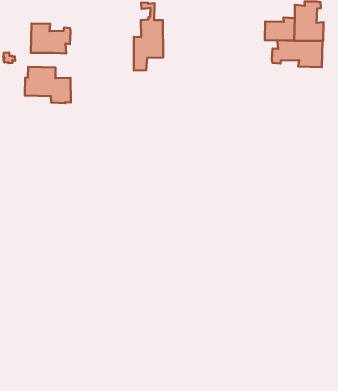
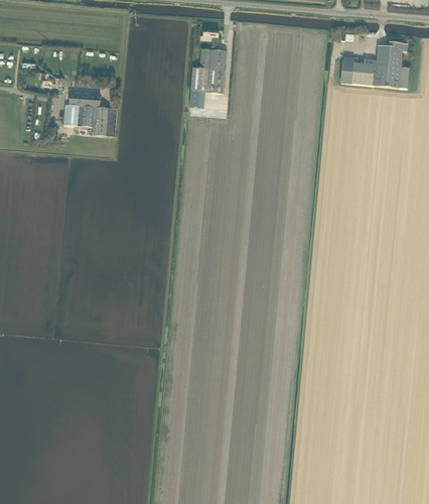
building: [31,24,71,54] -> none
building: [272,40,323,67] -> none

